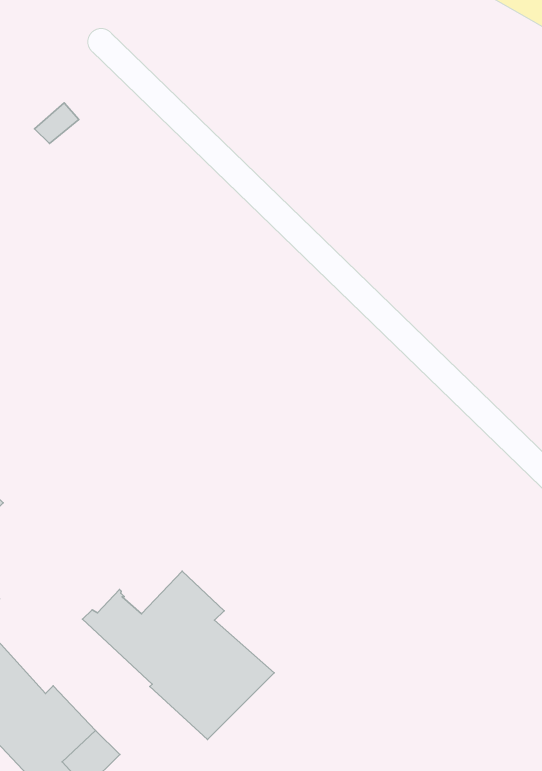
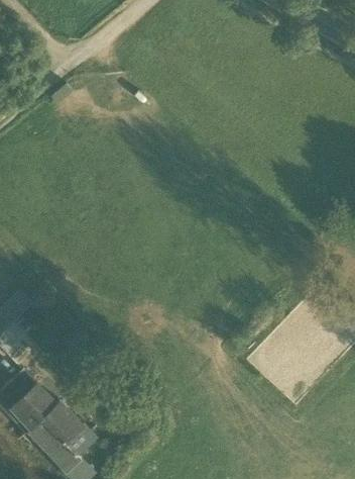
building: [83,571,274,739] -> none

